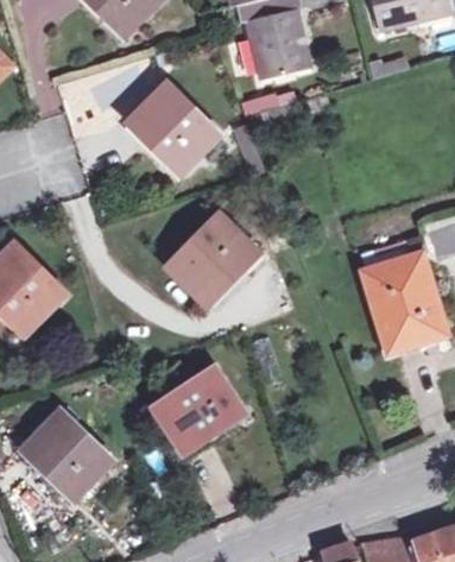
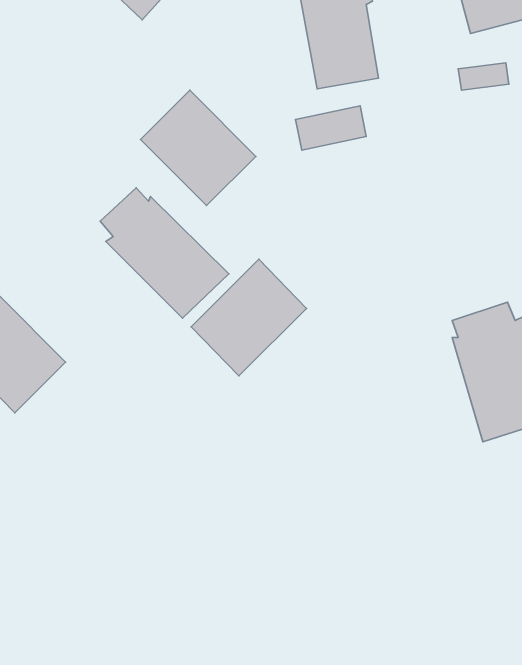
building: none -> [100,188,229,318]
building: [157,364,246,447] -> none
building: [25,409,112,494] -> none

